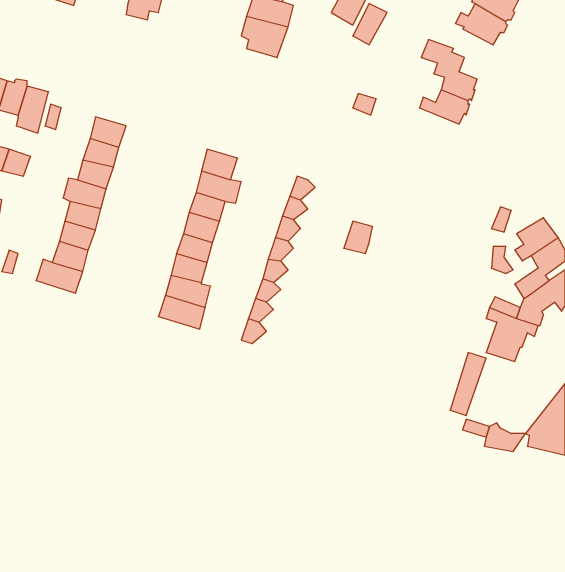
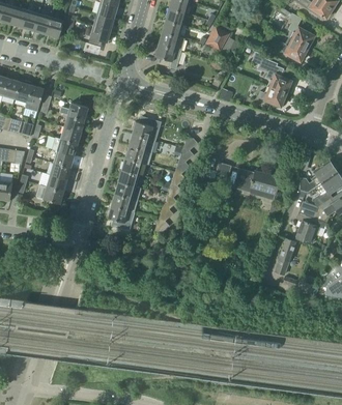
building: none -> [233,168,280,200]

